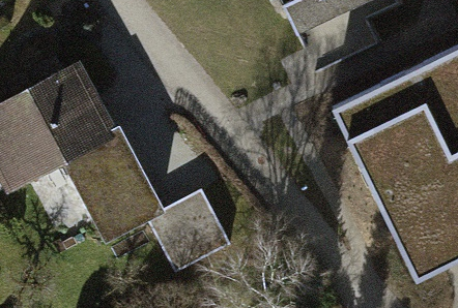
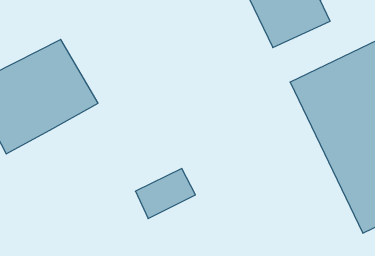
building: [64,133,166,243] -> none

